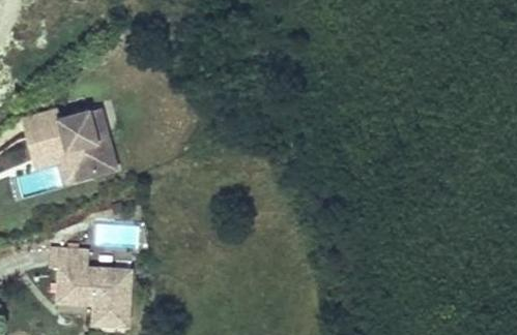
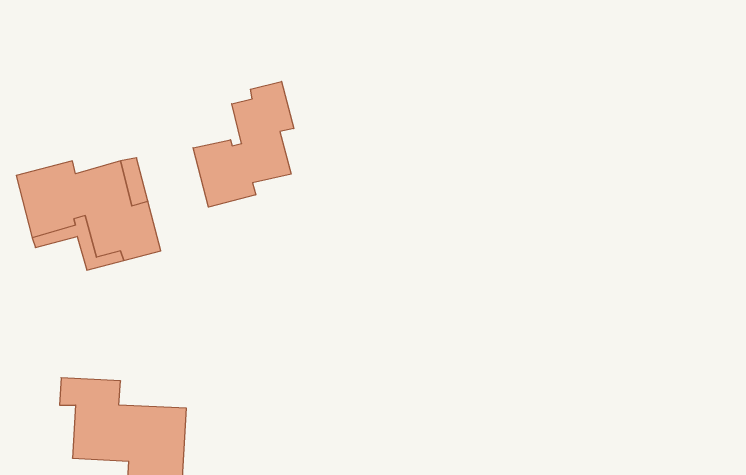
building: none -> [193,81,294,207]

